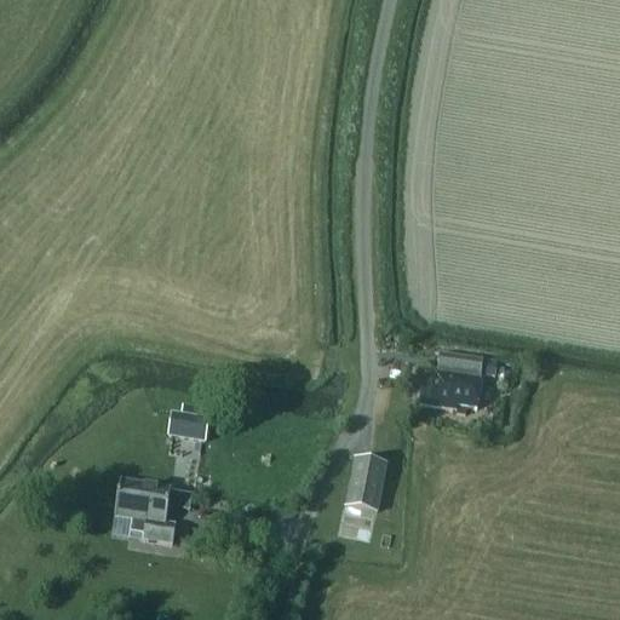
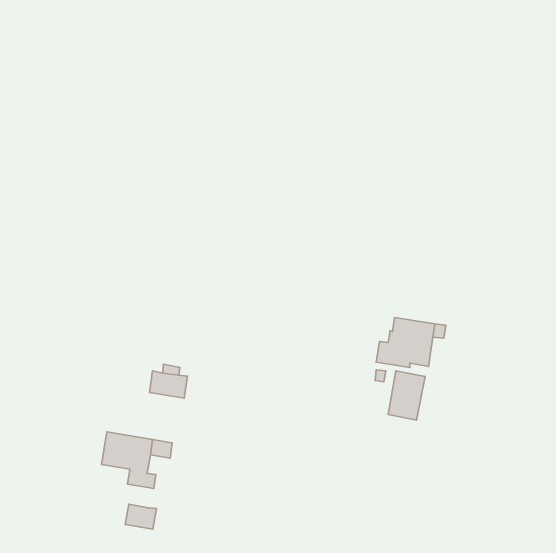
building: [345,457,386,511] -> [388,371,425,420]
building: none -> [125,504,156,529]

